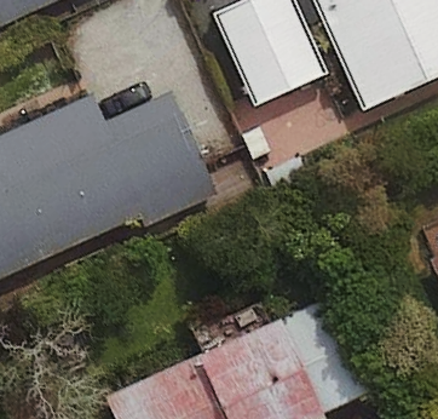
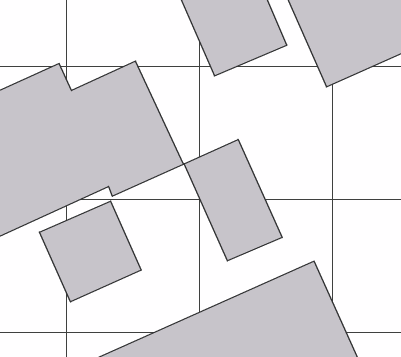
building: none -> [184,139,282,261]
building: none -> [39,201,141,302]

